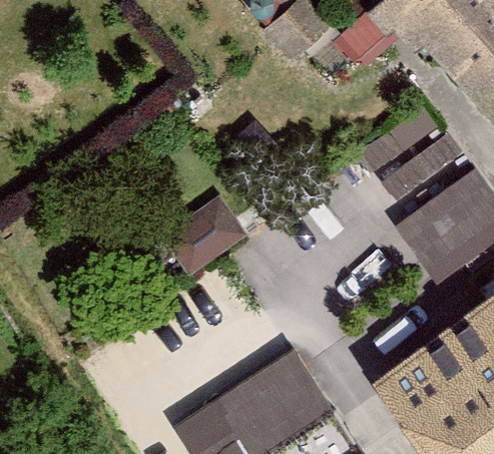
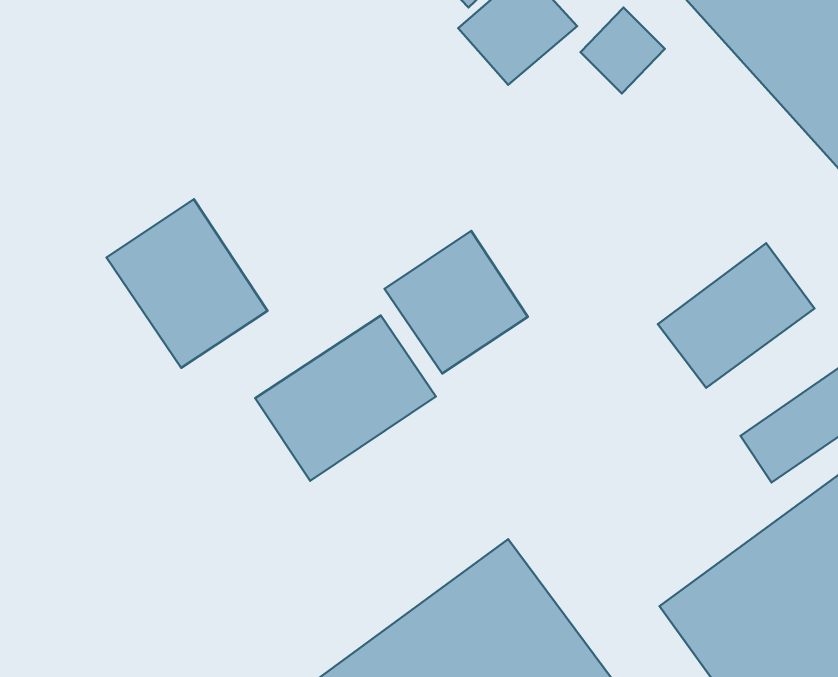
building: none -> [106,199,268,368]
building: none -> [385,231,528,373]

